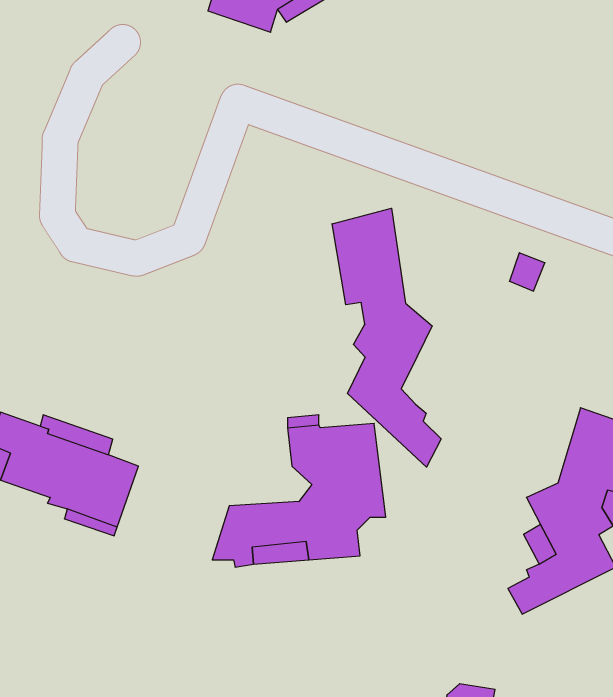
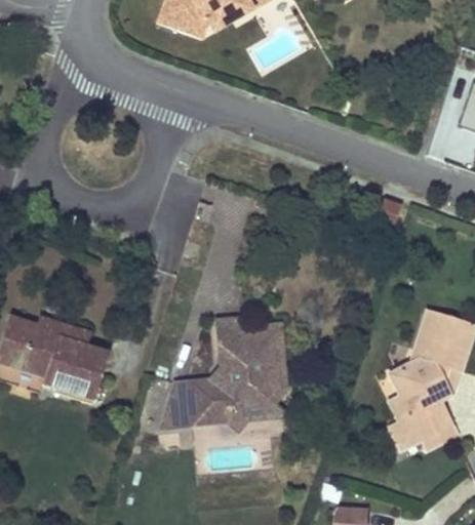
building: [332,208,441,467] -> none

